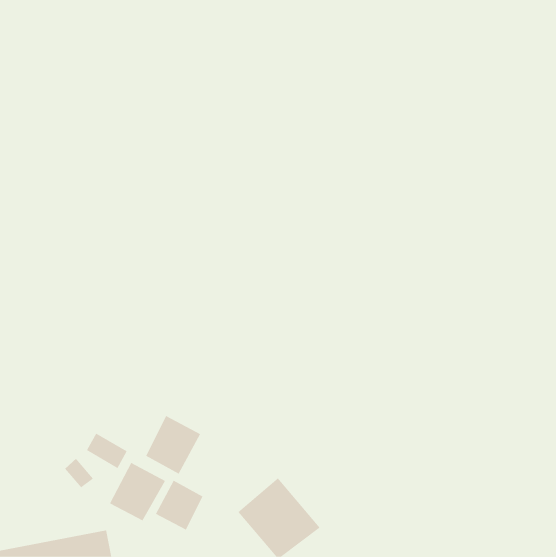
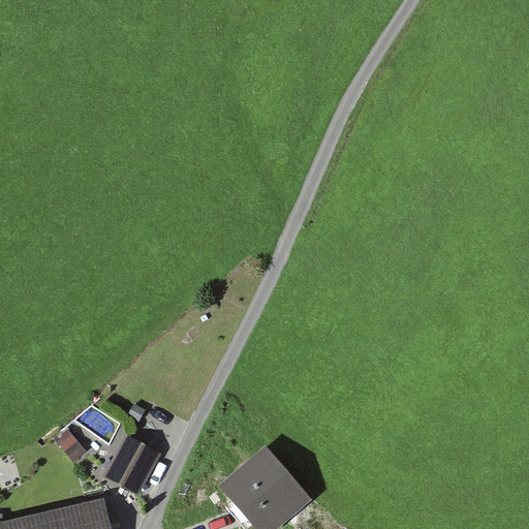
building: [145,415,201,474] -> none
building: [155,480,203,530] -> none

